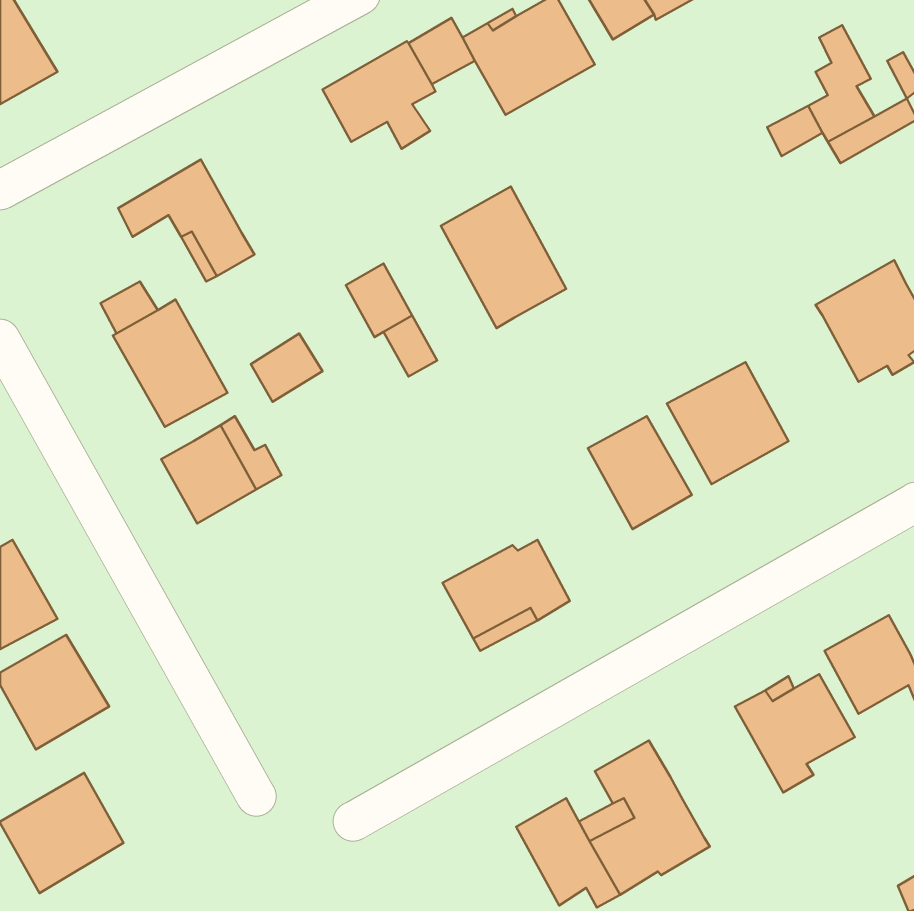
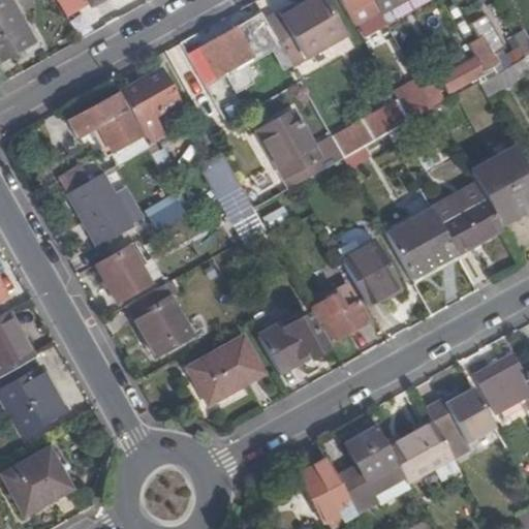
building: none -> [117,67,180,150]
building: none -> [332,76,433,157]
building: none -> [430,182,501,254]
building: none -> [125,279,192,356]
building: none -> [311,292,370,341]
building: none -> [187,335,264,403]
building: none -> [387,422,453,483]

